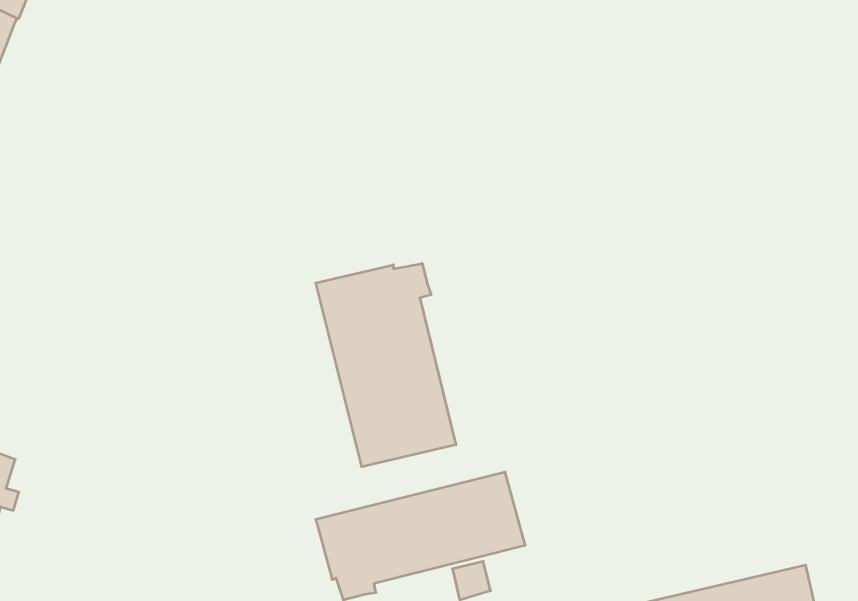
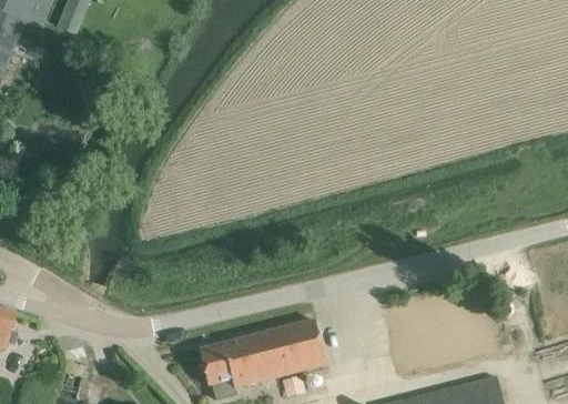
building: [316,263,456,467] -> none

